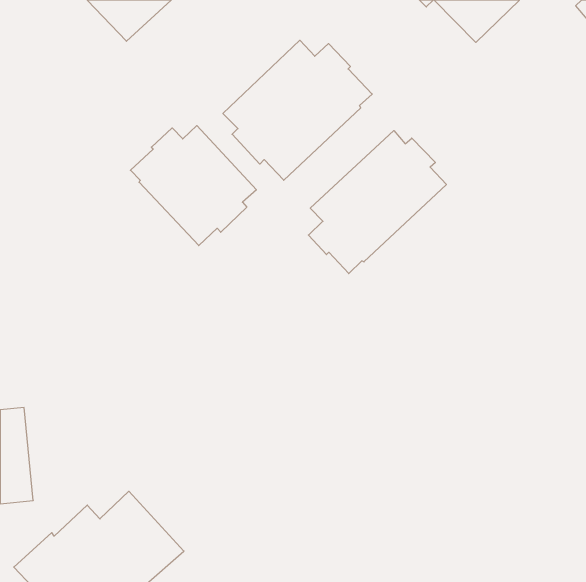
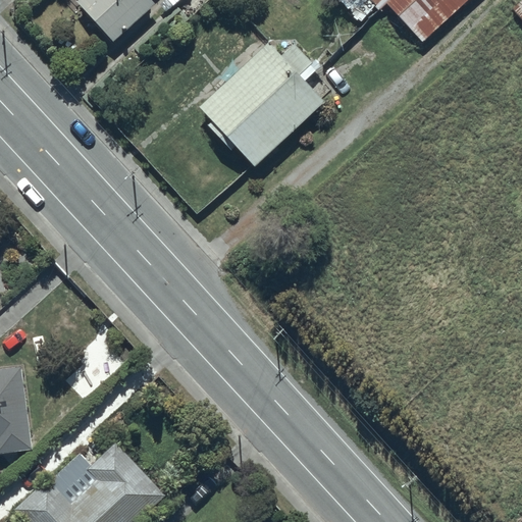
building: [130,126,256,246] -> none
building: [308,131,446,274] -> none

